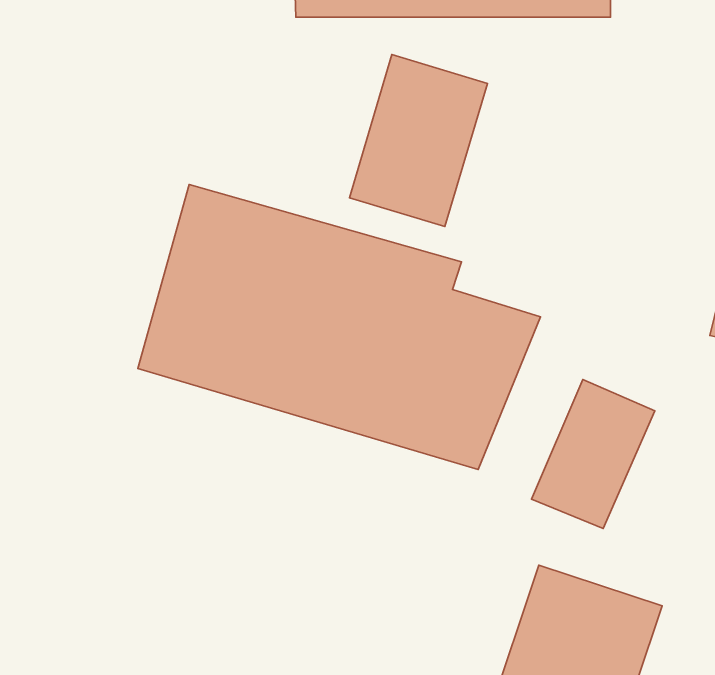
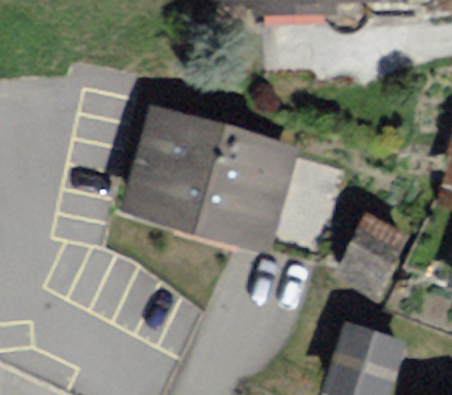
building: [349,55,488,227] -> none

